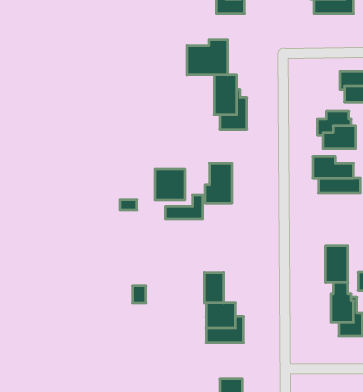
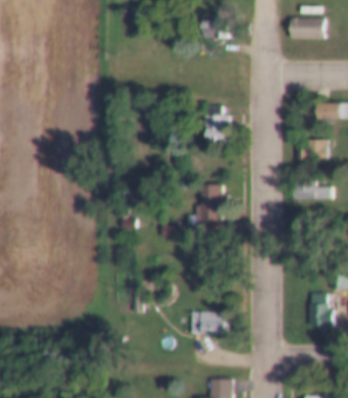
building: [187,40,228,75] -> none
building: [155,169,185,200] -> none
building: [326,246,348,283] -> none
building: [204,272,224,303] -> none

